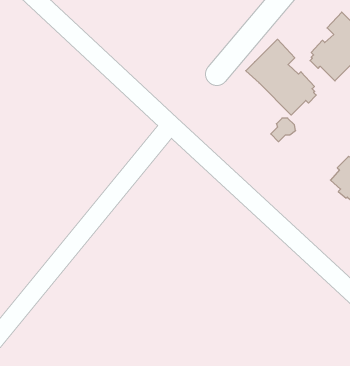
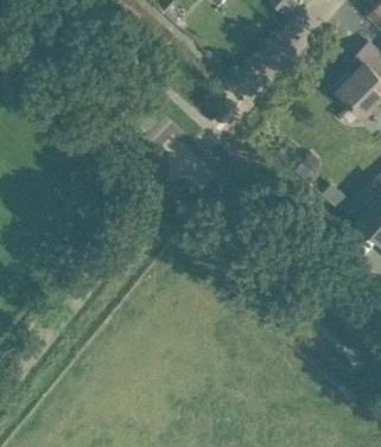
building: [246,39,316,115] -> none

